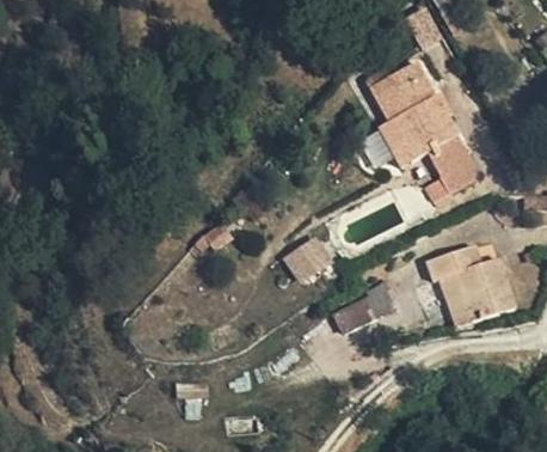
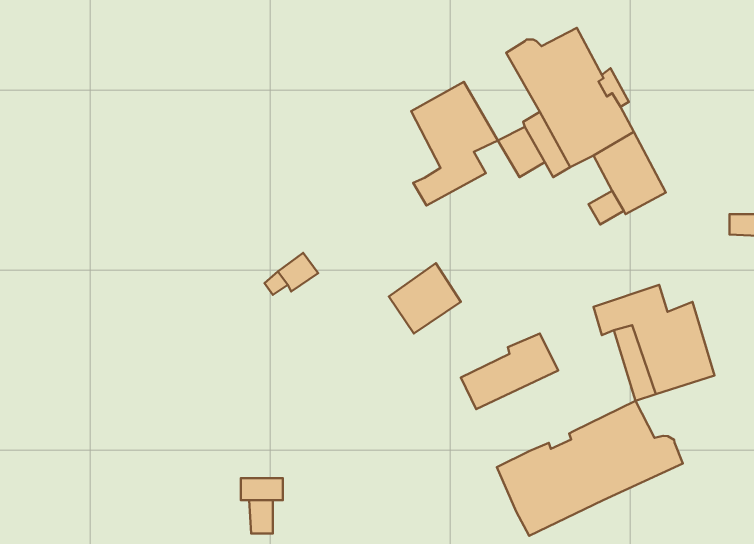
building: none -> [411,82,498,205]
building: none -> [497,401,683,536]

